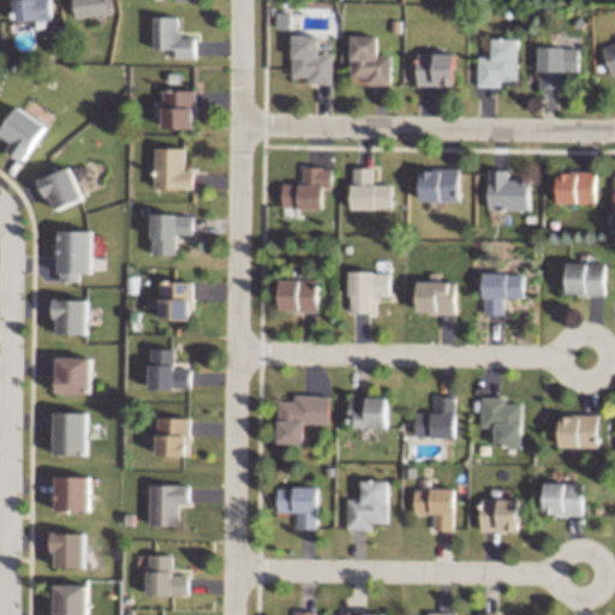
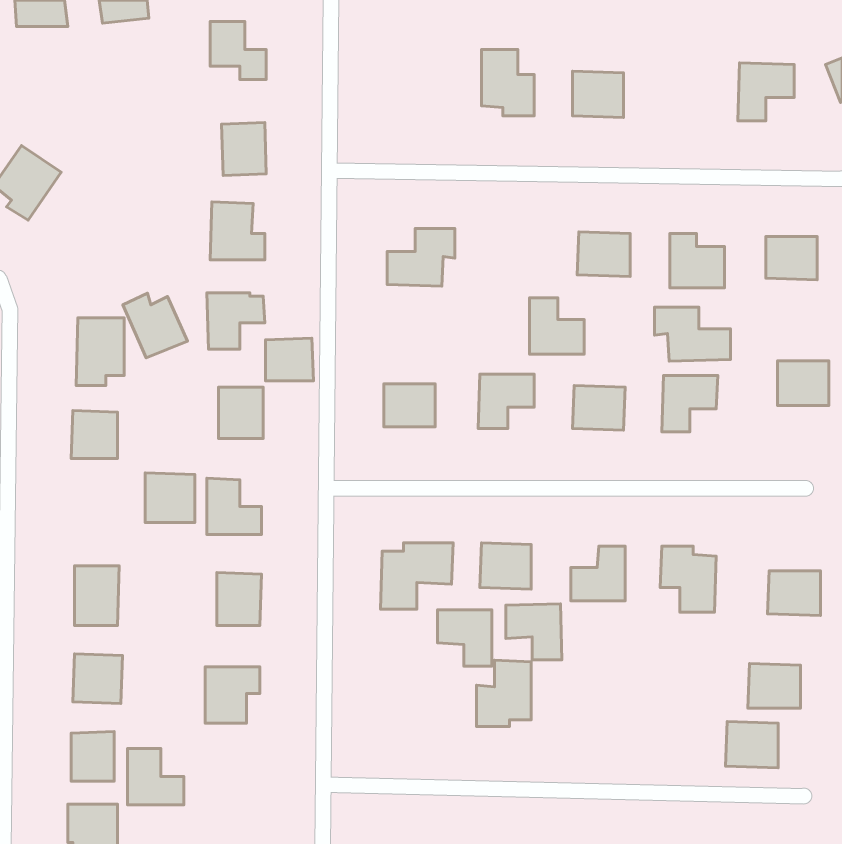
building: [289,35,330,84] -> none
building: [474,38,517,88] -> none
building: [35,165,82,211] -> [123,293,187,358]
building: [351,168,390,209] -> [530,298,584,354]
building: none -> [654,307,730,361]
building: none -> [265,338,313,381]
building: [54,357,90,393] -> [145,473,195,523]
building: [276,488,316,529] -> [437,610,492,666]
building: [413,489,454,530] -> [506,604,562,660]
building: [479,498,518,532] -> [725,722,778,768]
building: [147,555,187,596] -> [128,748,184,805]

